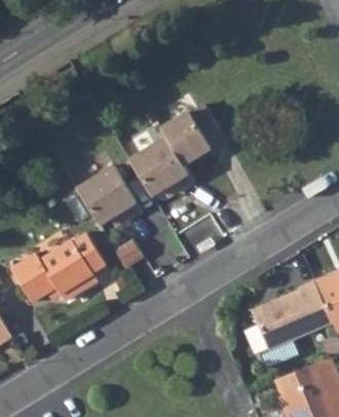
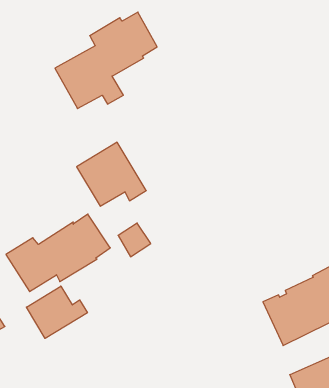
building: [130,105,224,193] -> [55,12,157,109]
building: none -> [26,286,87,338]

